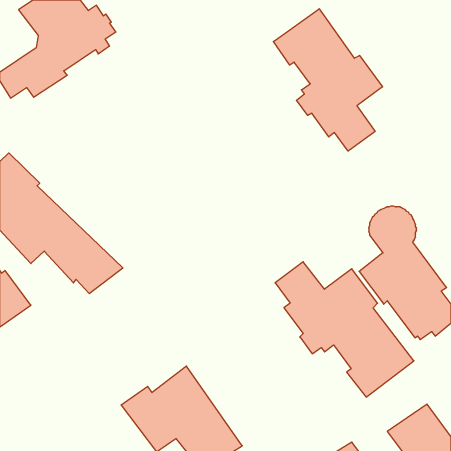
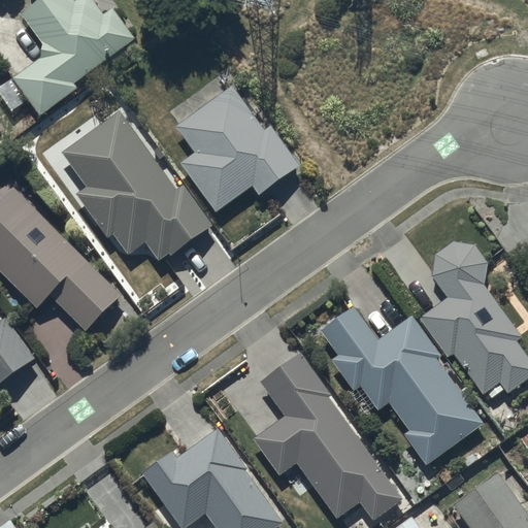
building: [273,9,383,151] -> none
building: none -> [176,86,299,212]
building: none -> [65,110,211,260]
building: none -> [253,352,405,520]

